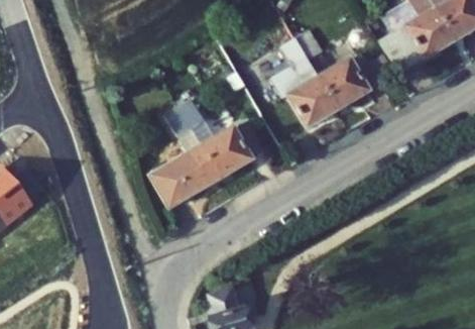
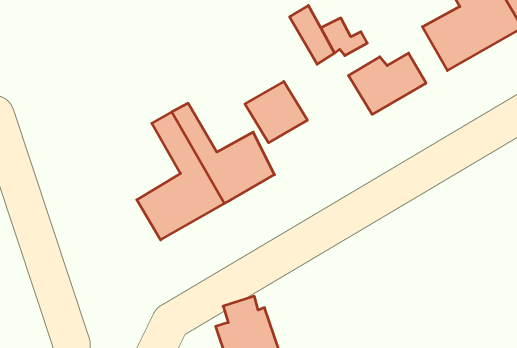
building: [285,78,336,127] -> [245,81,307,143]

